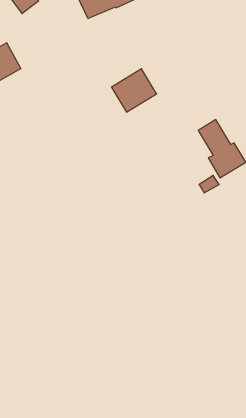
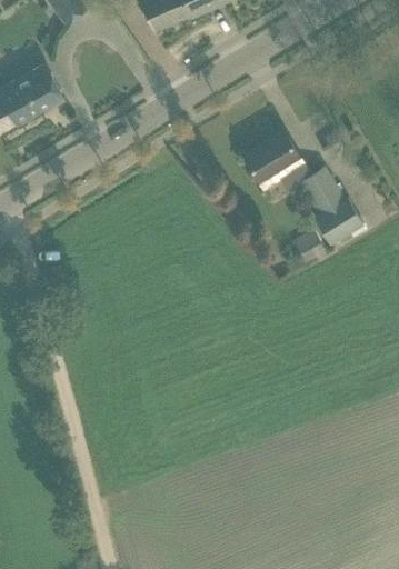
building: [111,69,157,112] -> [243,131,303,189]

